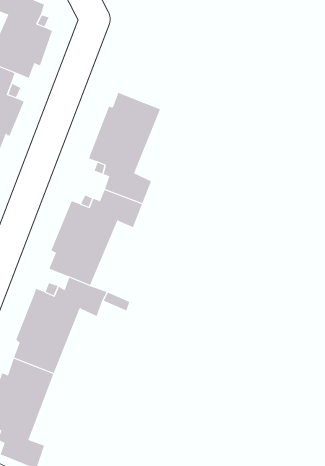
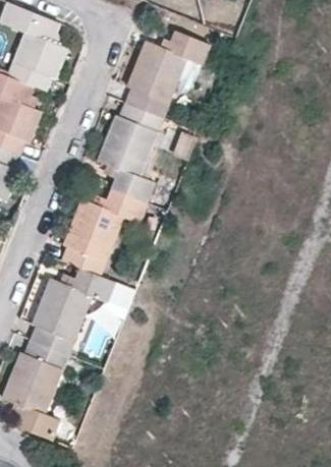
building: none -> [124,31,210,117]

